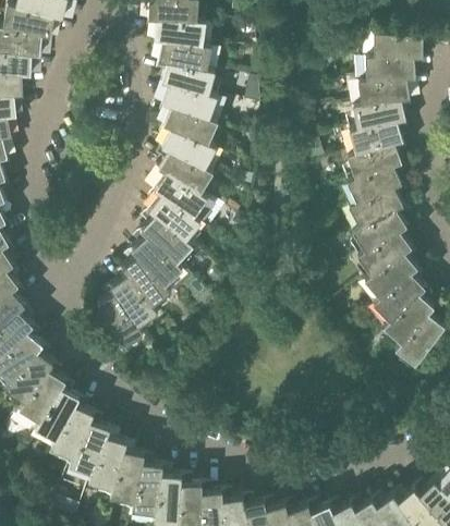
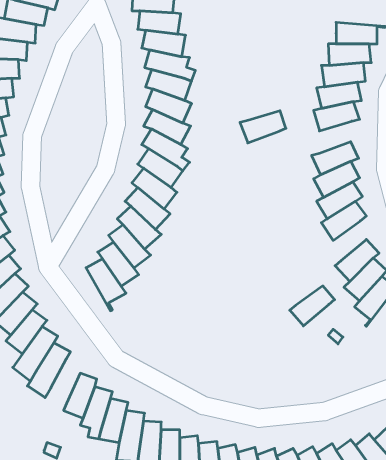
building: [349,144,400,180] -> [240,111,286,143]
building: [366,255,416,299] -> [290,286,335,326]
building: [53,408,94,458] -> none

